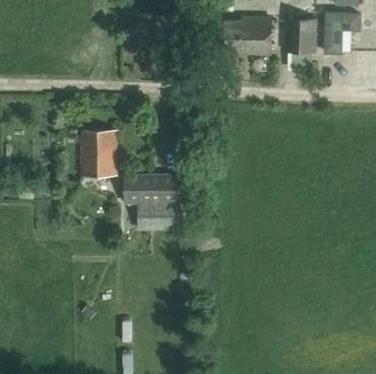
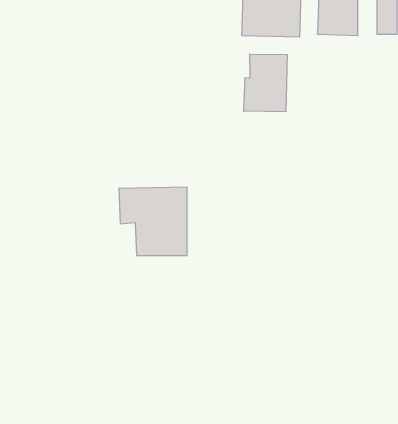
building: none -> [244,54,287,112]
building: [81,130,116,176] -> none

